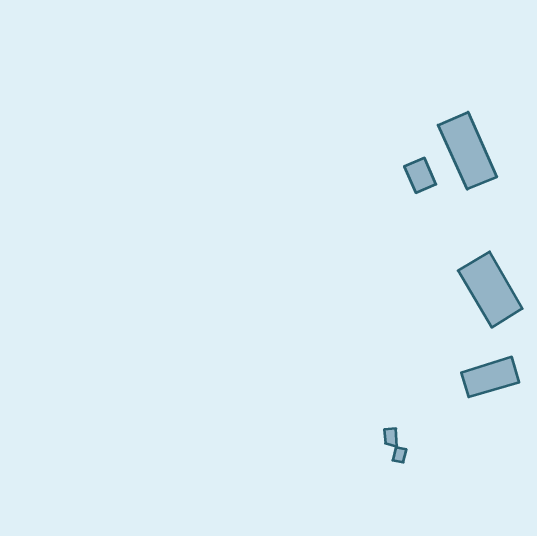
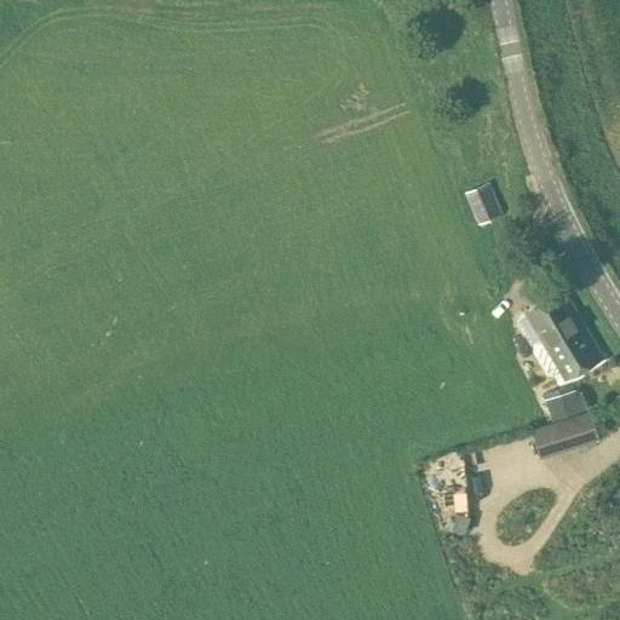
building: [438,112,497,189] -> none
building: none -> [546,390,584,419]

